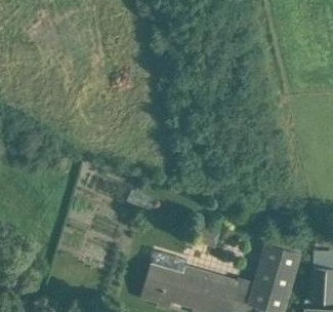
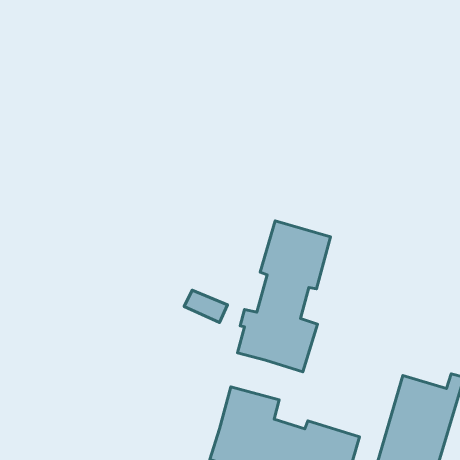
building: none -> [238,221,330,372]

